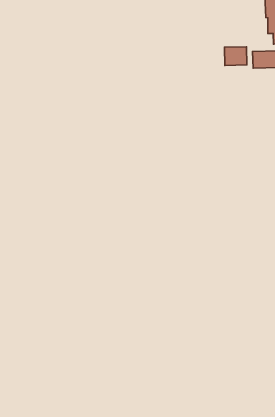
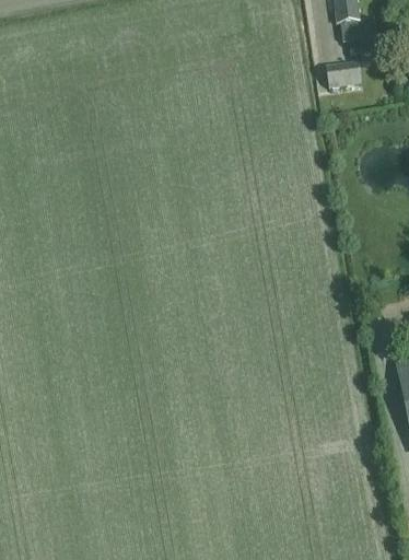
building: [225,47,247,65] -> none

